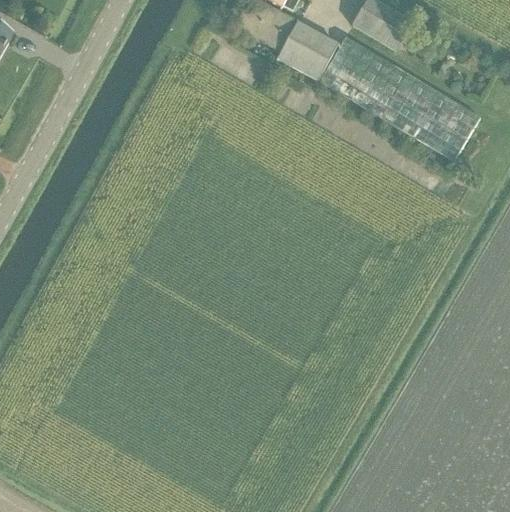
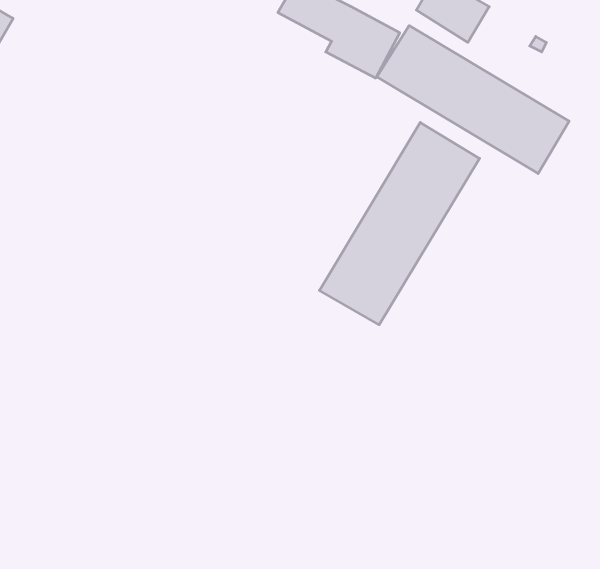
building: none -> [319,122,480,325]

